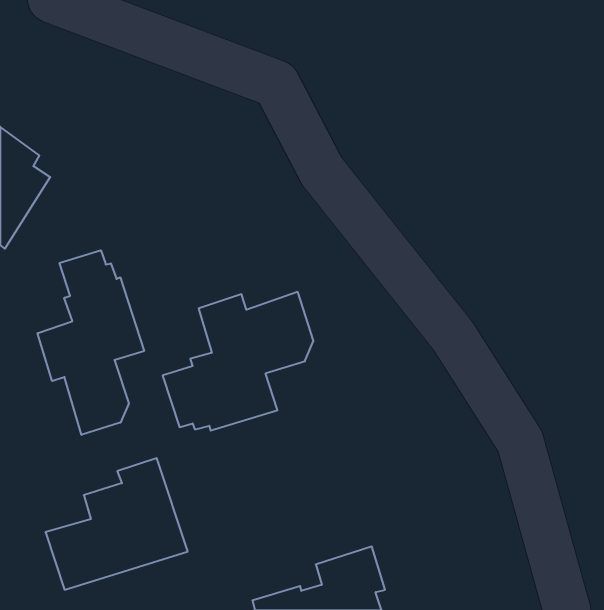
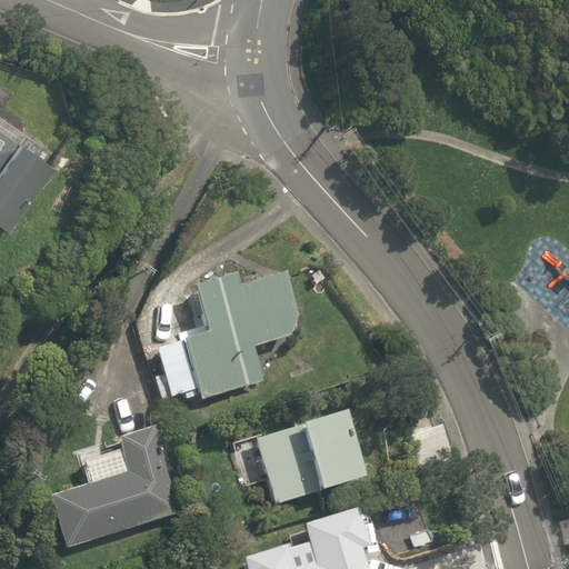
building: [38,250,144,435] -> none
building: none -> [254,410,360,505]

